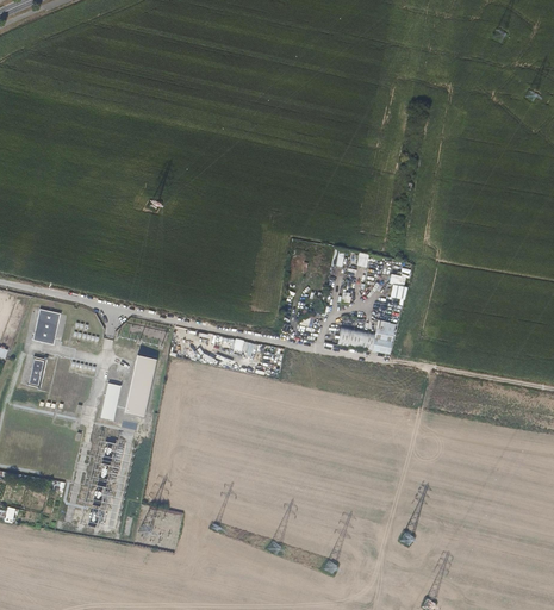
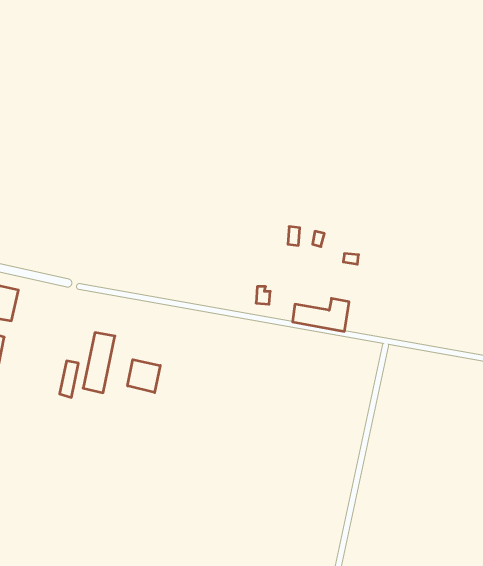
building: none -> [128,360,160,393]

